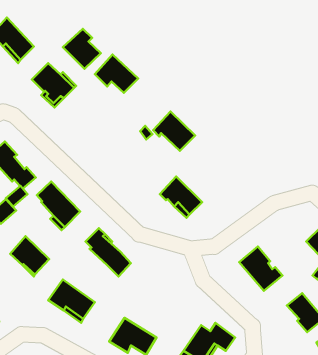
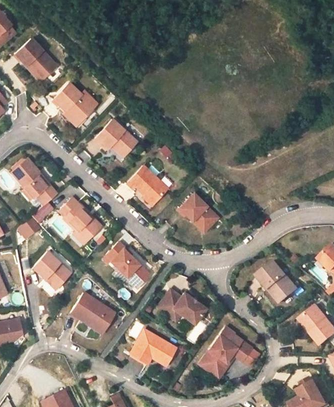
building: [63,29,101,69] -> none
building: [95,55,138,93] -> [95,119,137,156]
building: [153,112,195,151] -> [126,166,167,204]
building: none -> [156,290,204,326]

